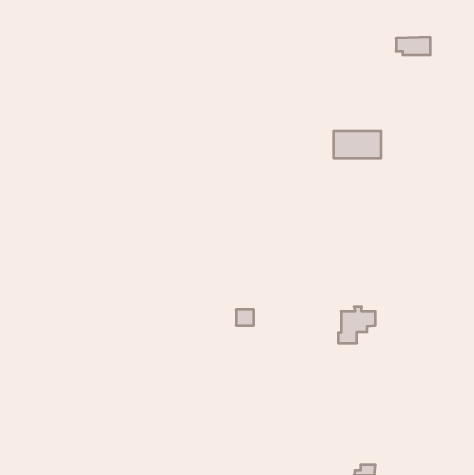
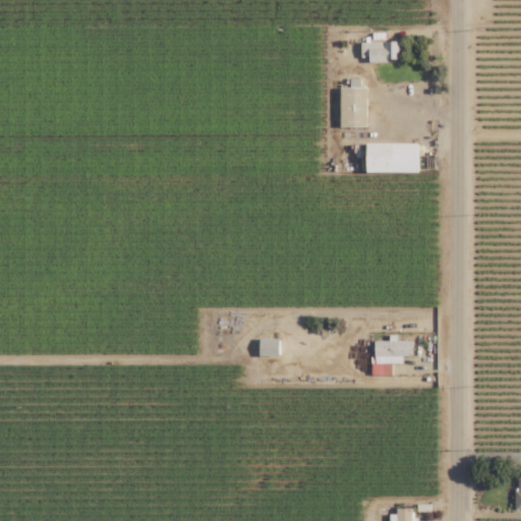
building: [396,37,430,55] -> [361,42,399,61]
building: none -> [340,88,367,127]

